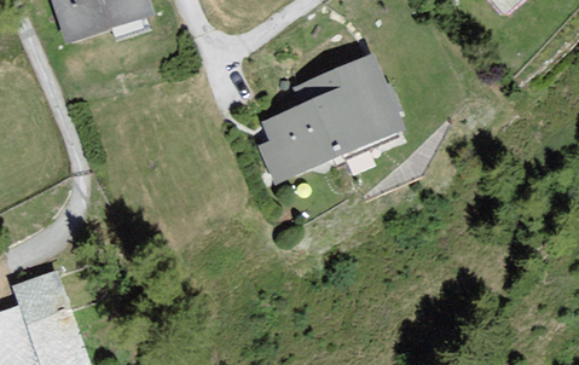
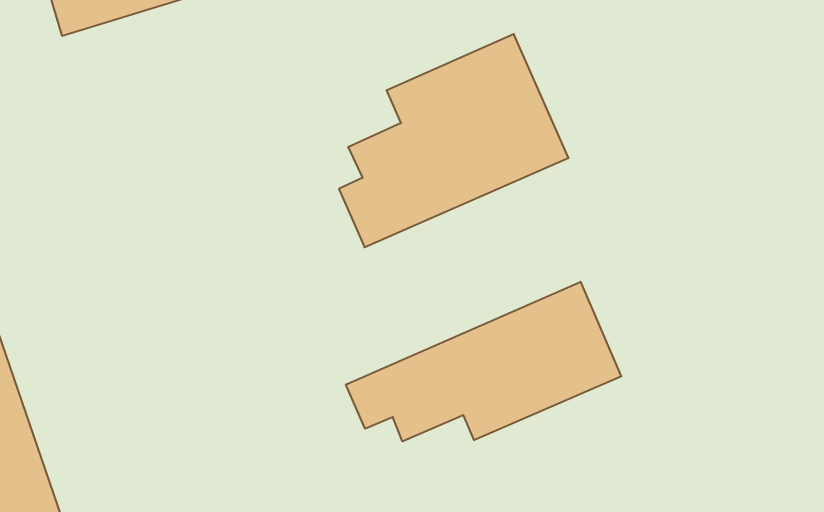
building: none -> [346,282,621,441]

